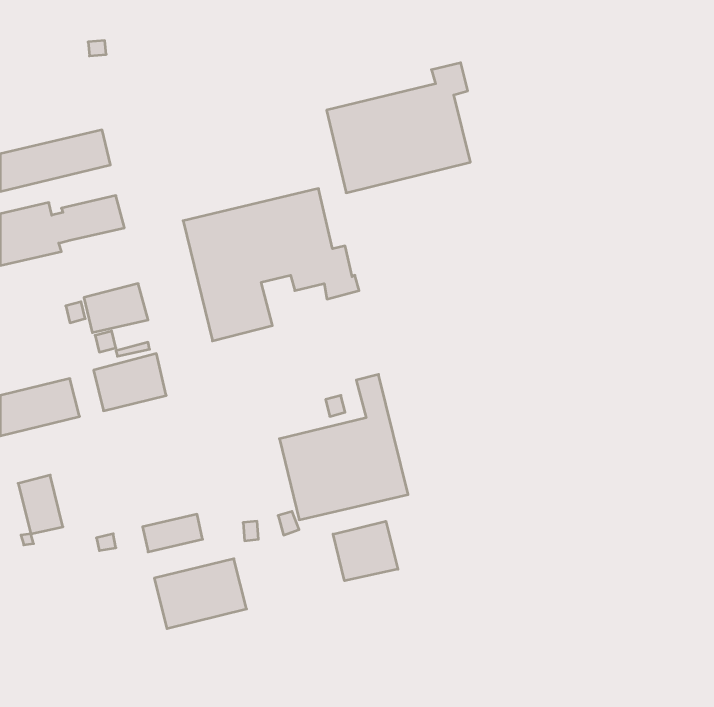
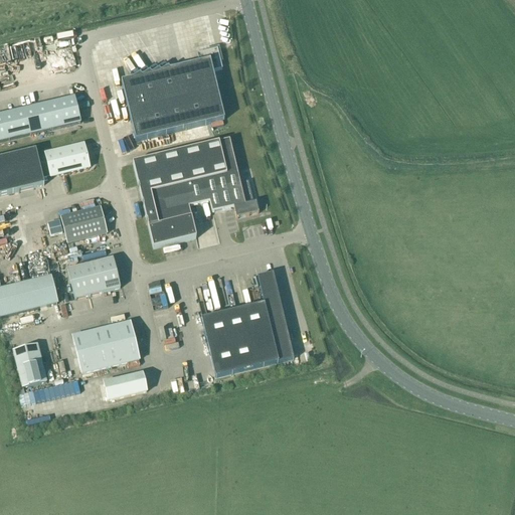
building: [327,63,470,193] -> [121,44,224,138]
building: [333,521,398,581] -> none
building: [154,559,247,629] -> [72,320,139,370]

